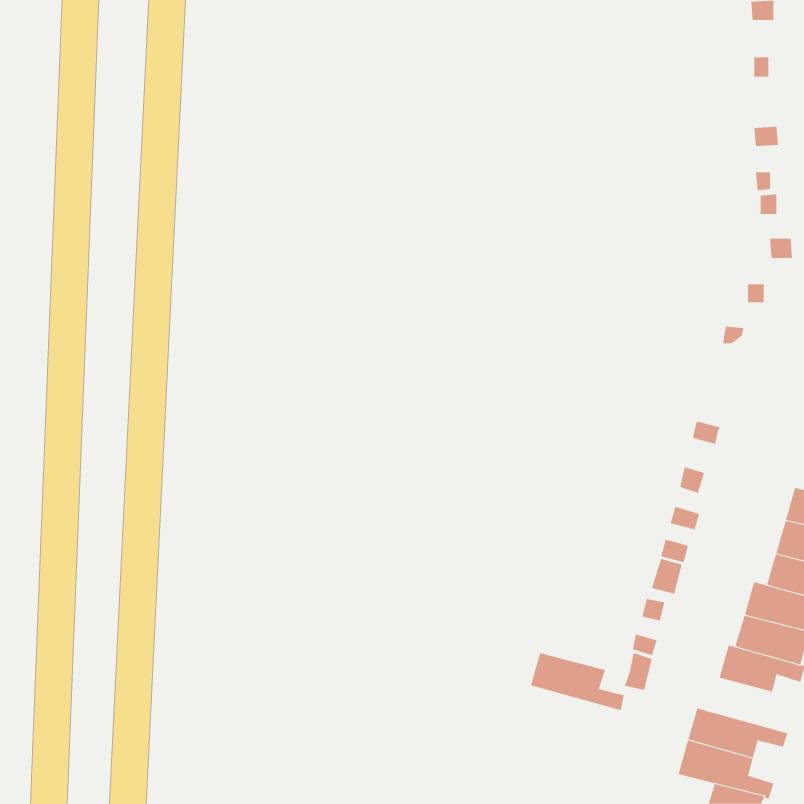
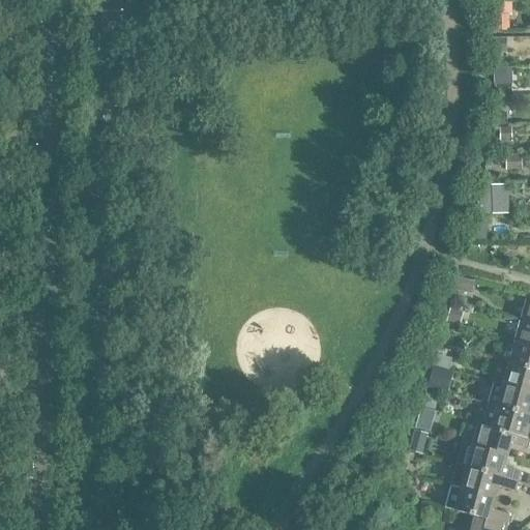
building: [530,653,625,711] -> [459,443,521,481]

